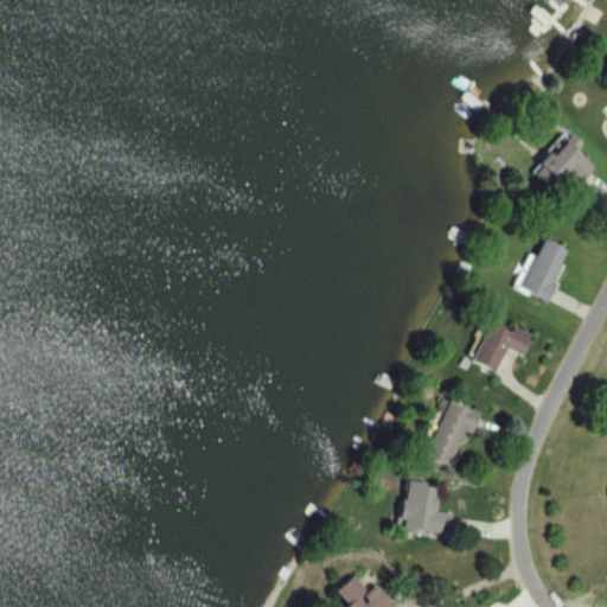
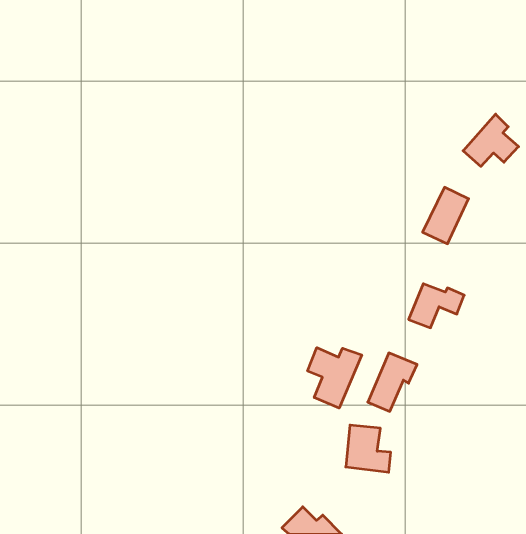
building: [522,237,574,301] -> [423,187,469,244]
building: none -> [308,348,362,408]

